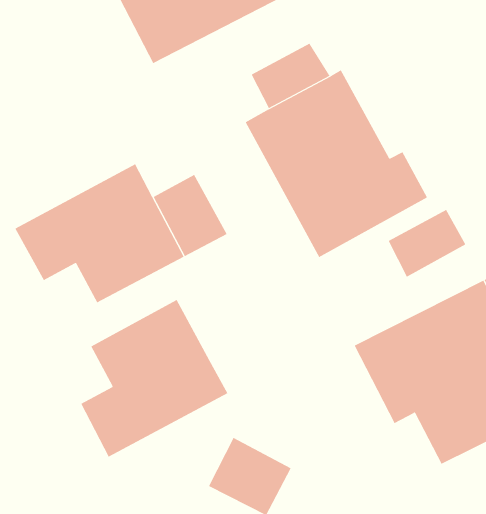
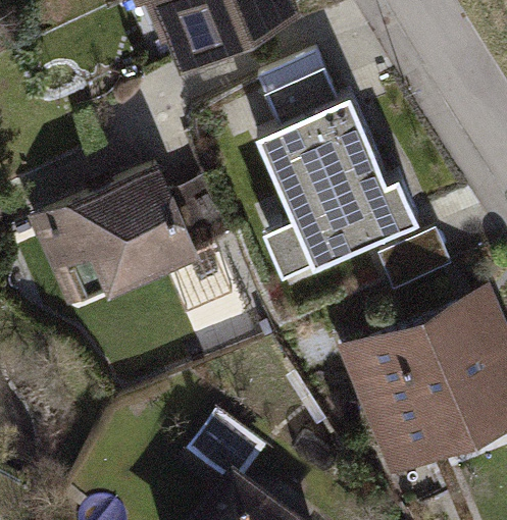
building: [80,299,228,457] -> none

